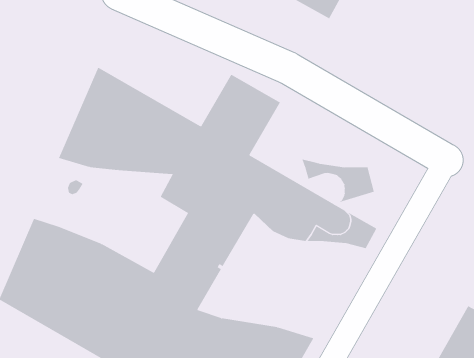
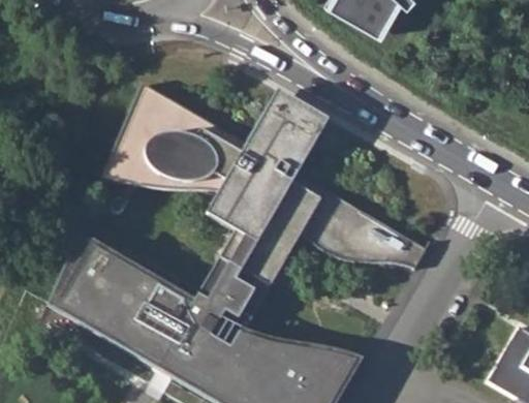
building: [301,159,375,204] -> none

